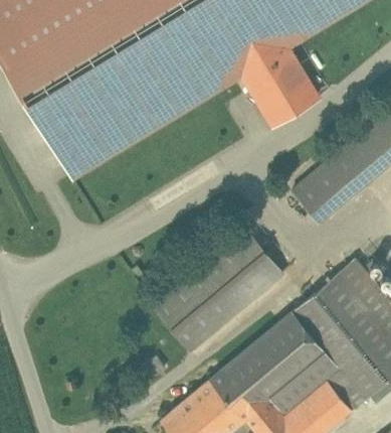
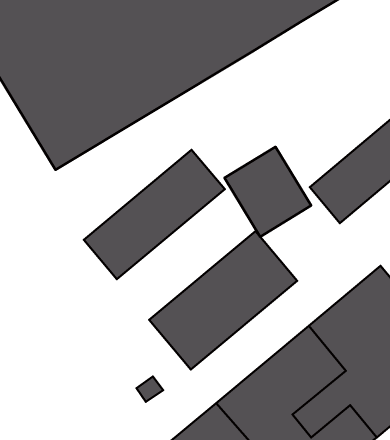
building: [242,45,318,124] -> [224,147,311,237]
building: none -> [84,150,225,279]

